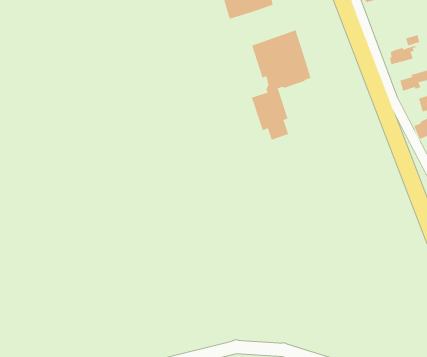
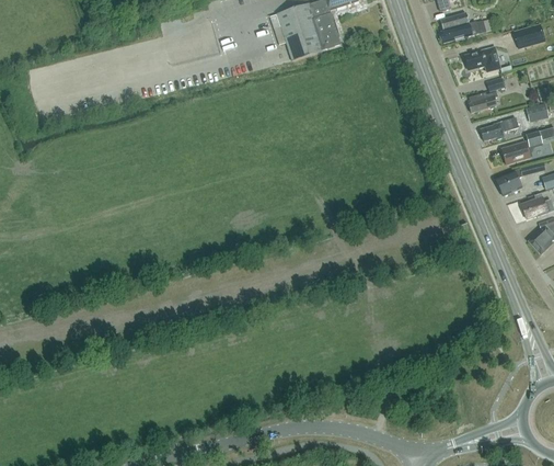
building: none -> [464,45,500,71]
building: [251,30,311,140] -> none

